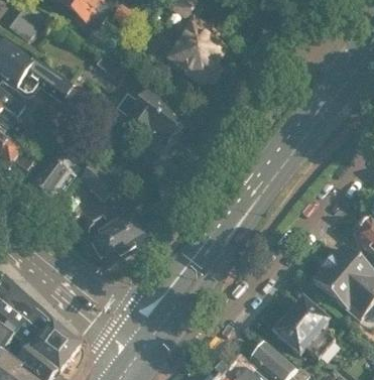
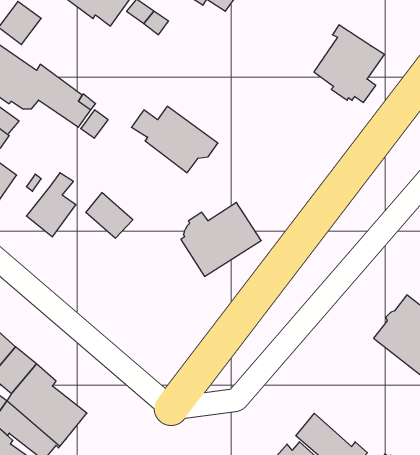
building: [170,18,228,82] -> [314,25,384,103]
building: [85,207,150,267] -> [181,202,261,276]
building: [273,299,335,358] -> none

